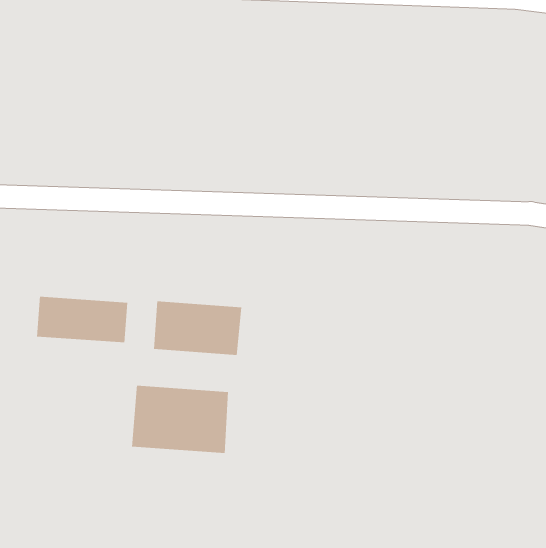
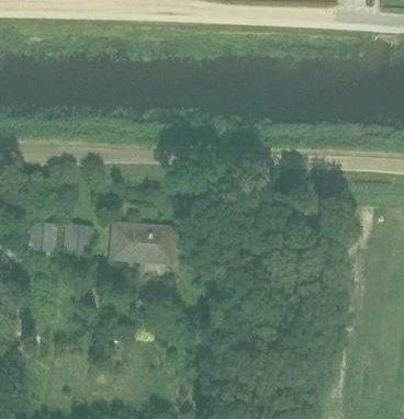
building: [131,385,229,454] -> none

